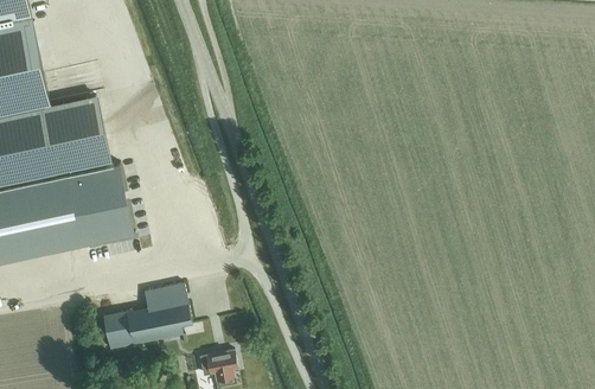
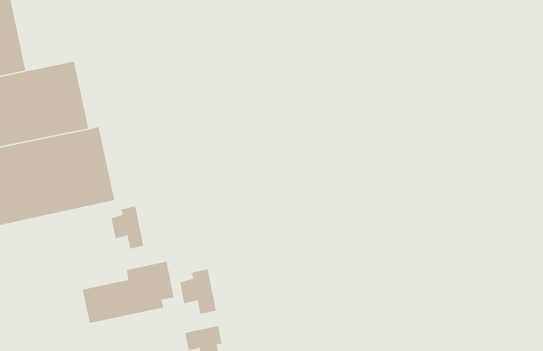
building: none -> [111,206,144,249]
building: none -> [179,269,217,315]

